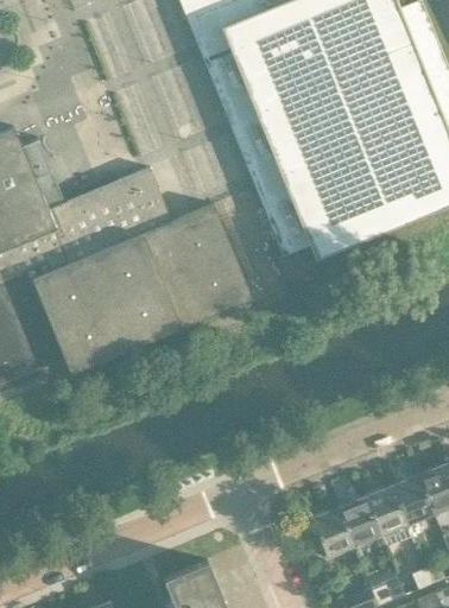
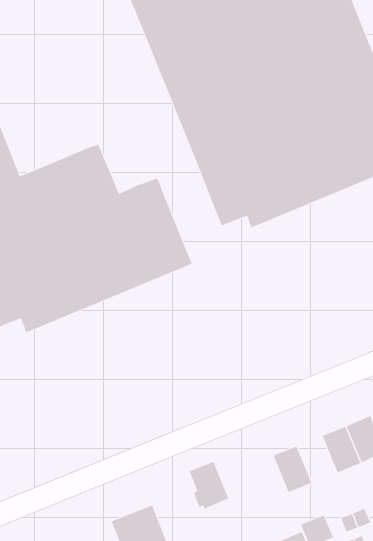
building: [363,484,411,546] -> none
building: [310,506,354,558] -> [189,461,229,509]

